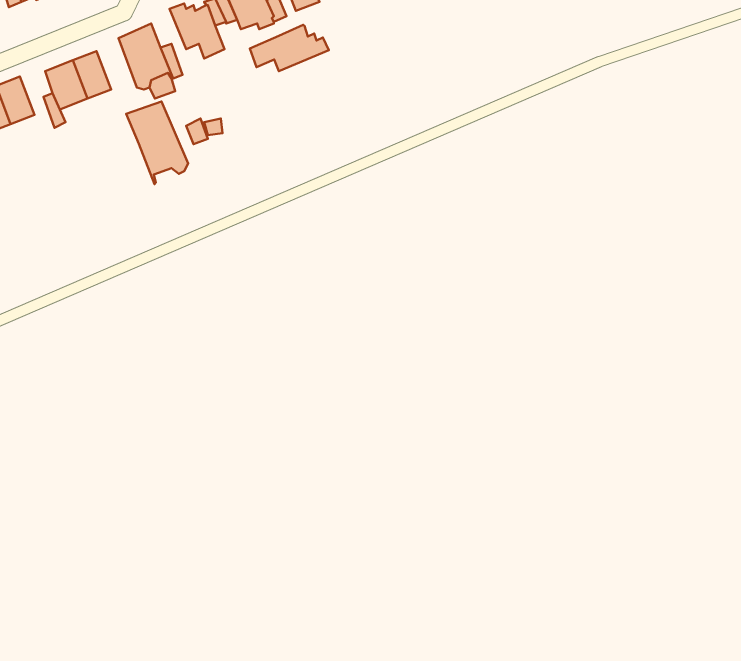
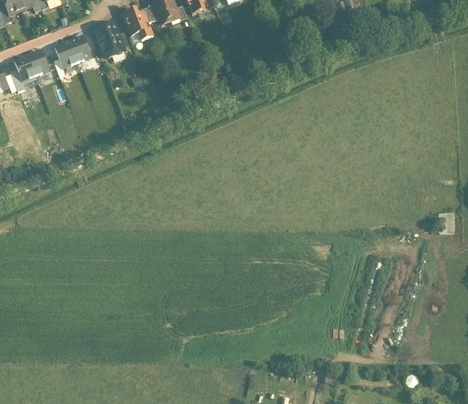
building: [250,25,329,71] -> none
building: [126,101,188,184] -> none

